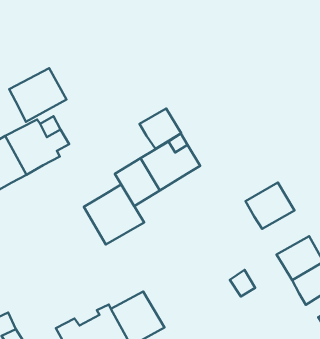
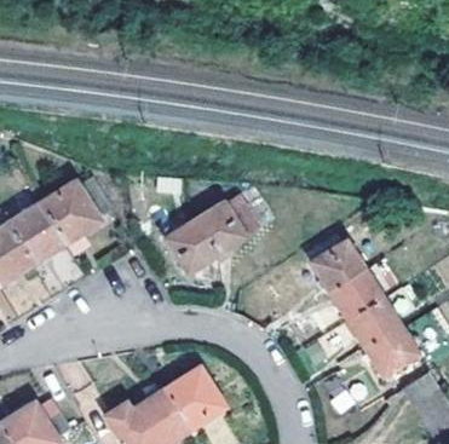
building: [9,68,67,122] -> none
building: [139,109,181,149] -> none
building: [84,184,144,245] -> none
building: none -> [330,269,384,319]

